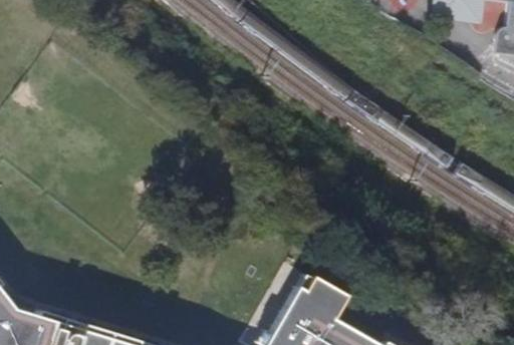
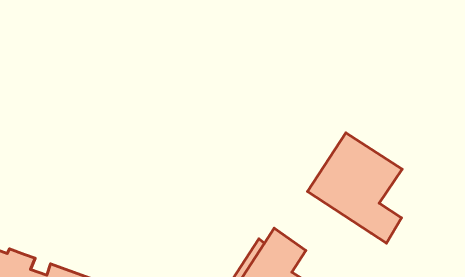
building: none -> [308,133,402,243]

